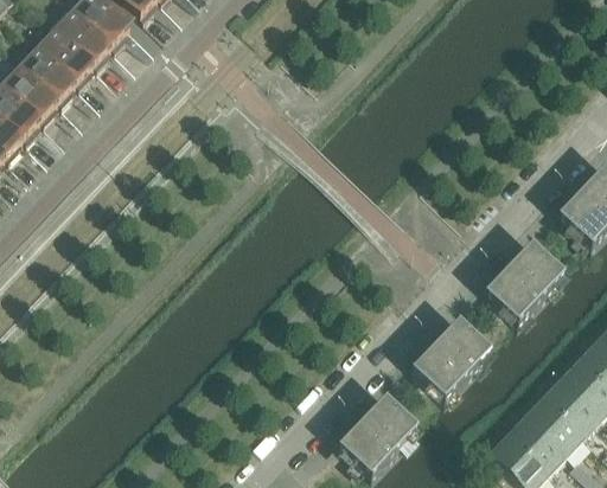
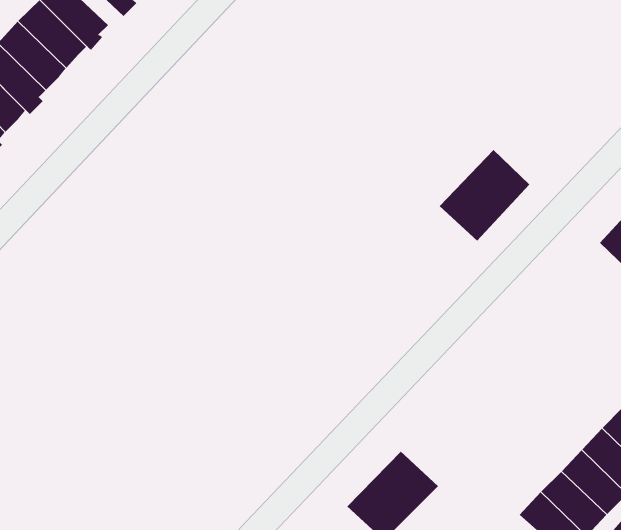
building: [485,239,564,320] -> [439,149,530,242]
building: [411,316,492,397] -> none

